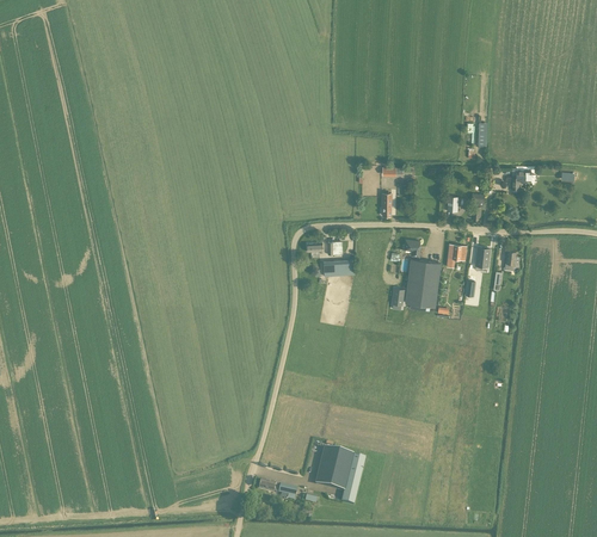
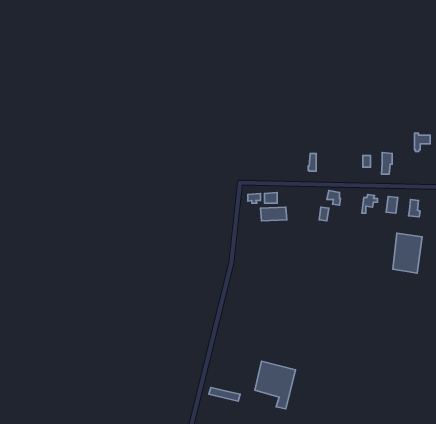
building: [405,257,441,305] -> [393,233,422,273]

